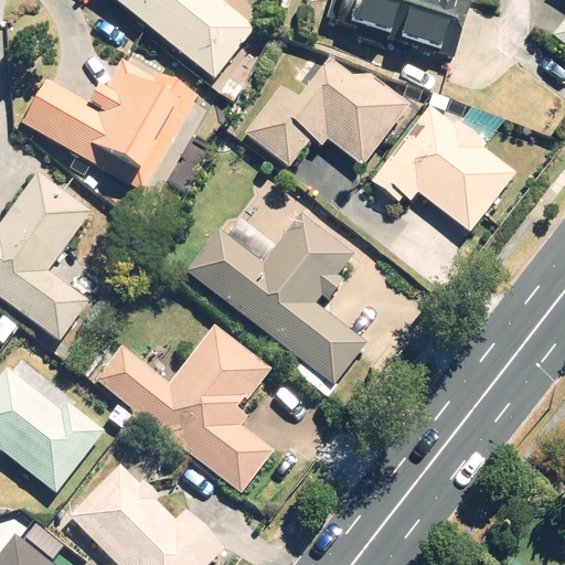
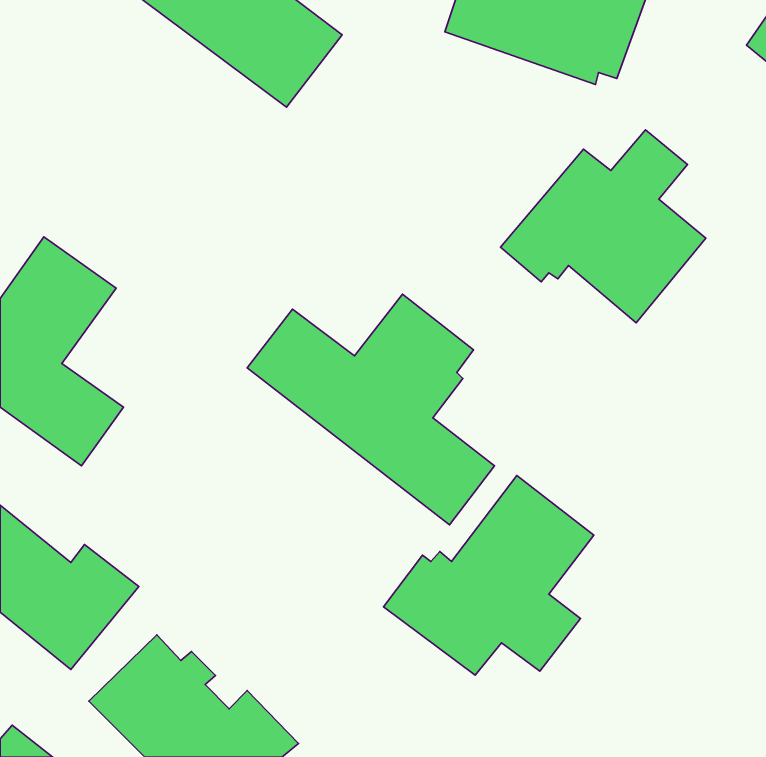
building: [241,44,413,171] -> none
building: [21,54,199,192] -> none
building: [95,326,275,493] -> none
building: none -> [383,475,594,675]

